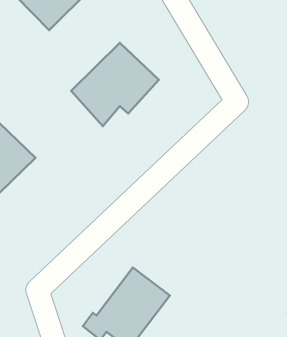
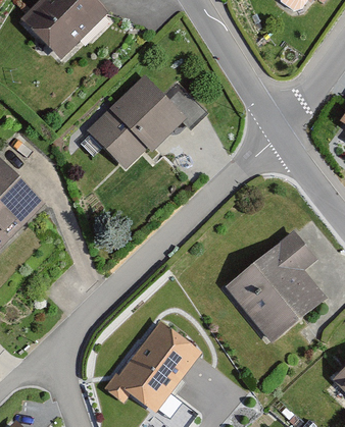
building: none -> [220,216,323,338]

